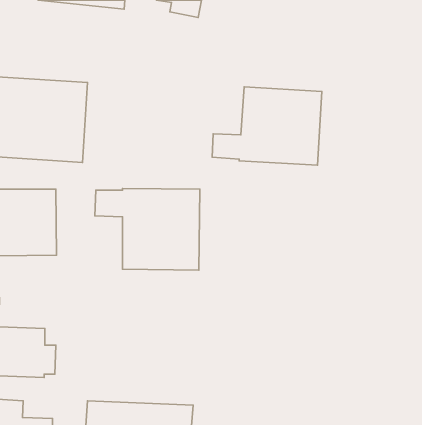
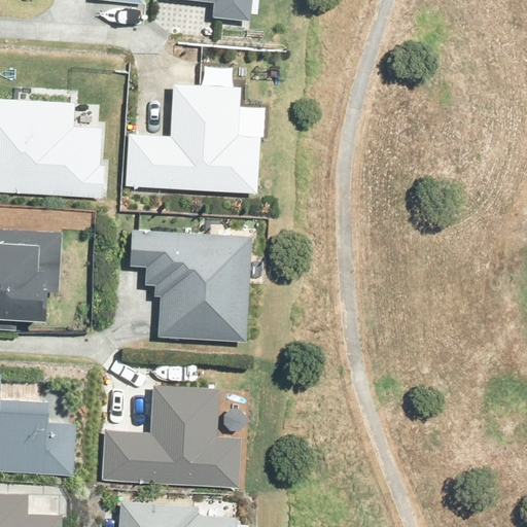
building: none -> [126,84,261,195]
building: [212,87,322,165] -> none
building: none -> [100,389,241,492]

